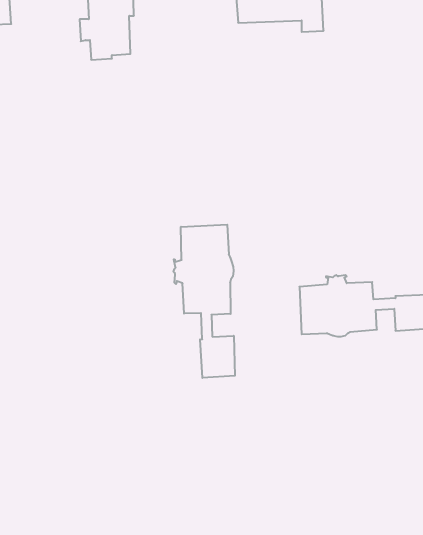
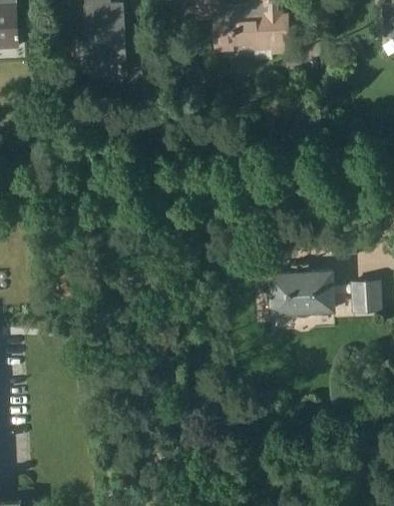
building: [174,225,235,378] -> none

